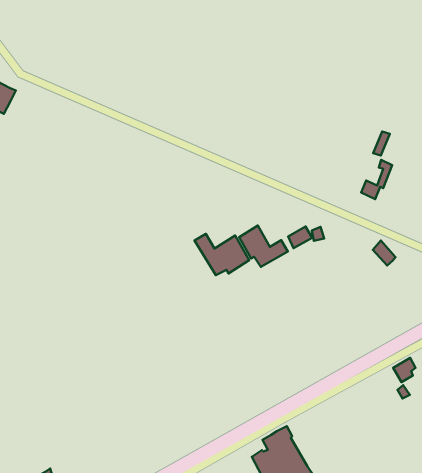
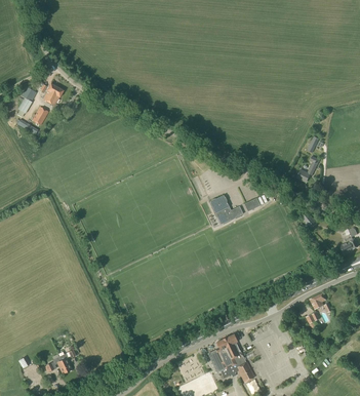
building: [195,234,249,275] -> none

